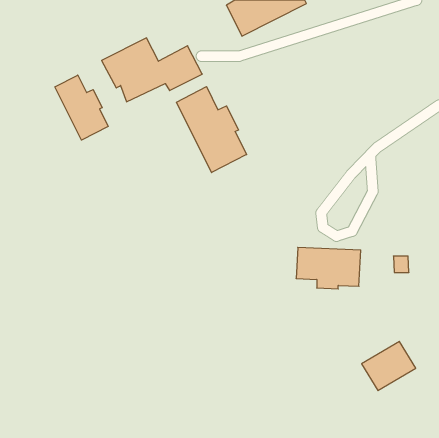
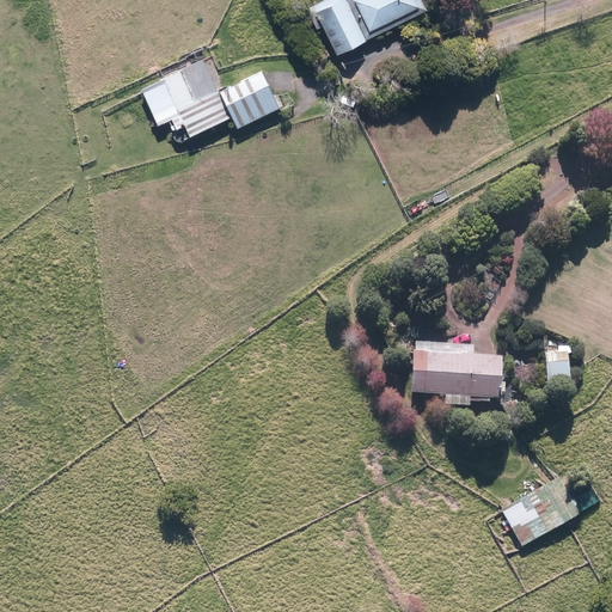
building: [55,75,108,140] -> none
building: [176,87,247,173] -> none

